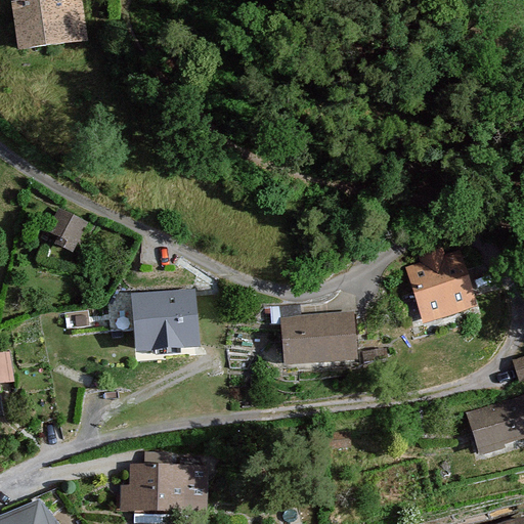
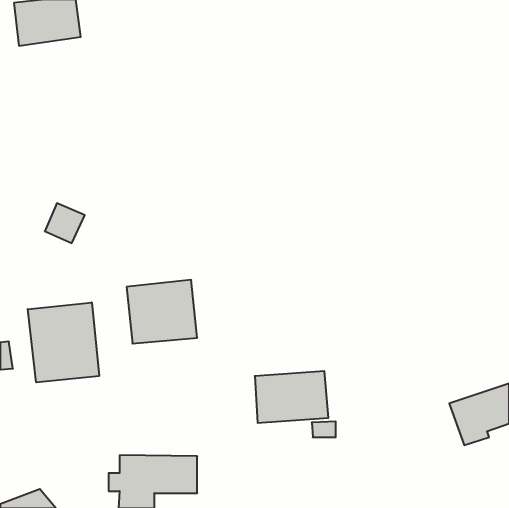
building: [405,247,477,322] -> none
building: [281,310,357,363] -> [255,371,328,423]
building: none -> [28,302,99,382]

